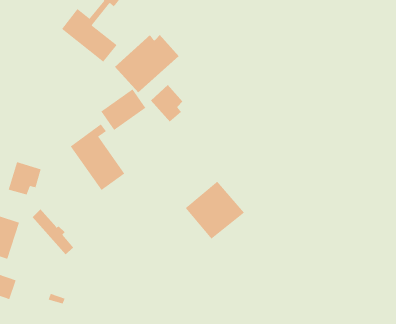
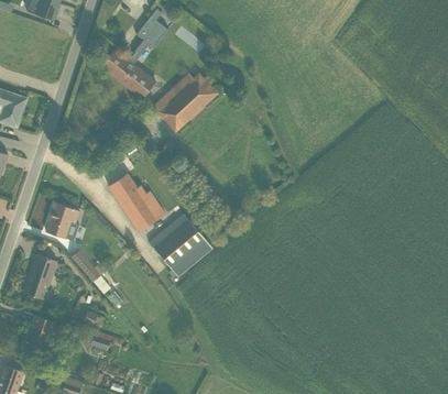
building: [150,84,183,122] -> none
building: [100,89,146,131] -> none
building: [185,181,245,240] -> [150,216,210,275]

